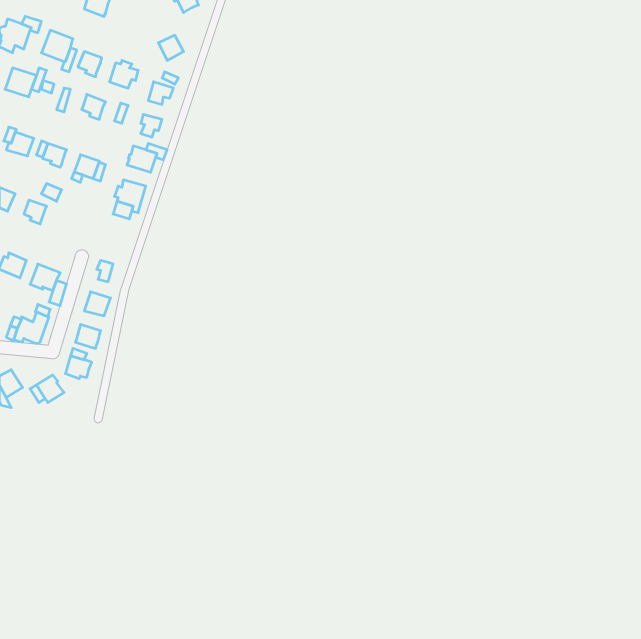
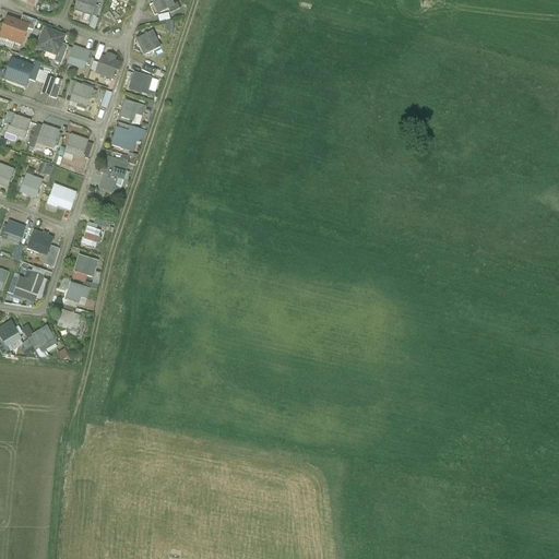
building: none -> [47,183,78,207]

